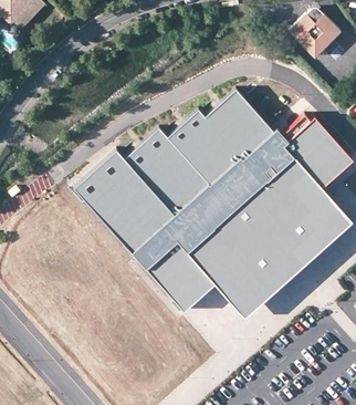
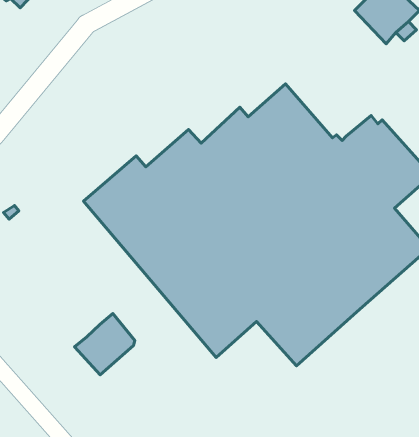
building: none -> [74,313,135,375]

